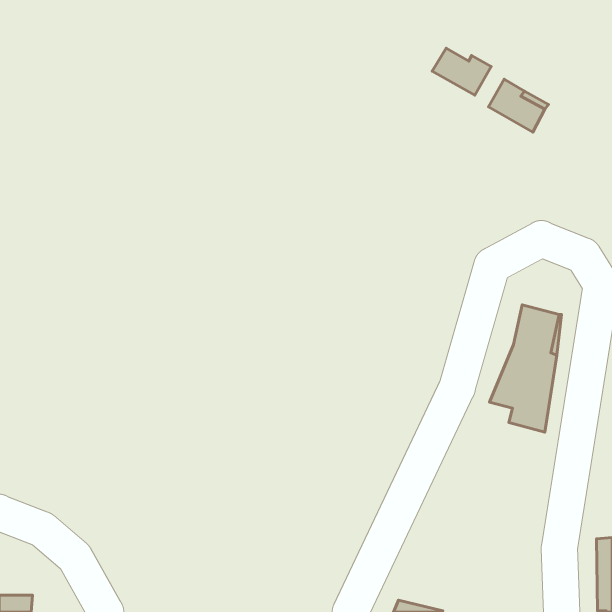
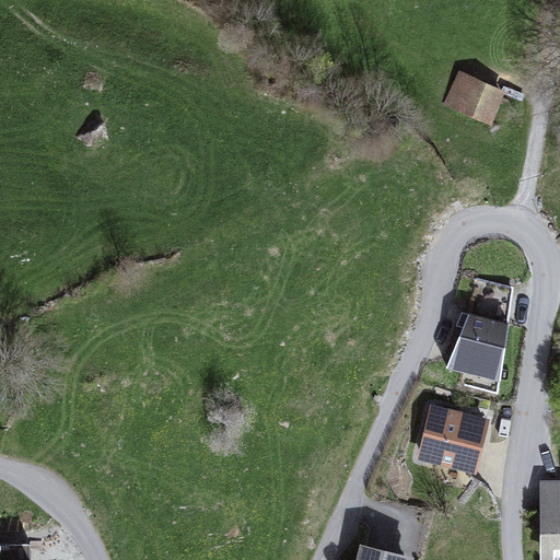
building: [432,48,491,95] -> none
building: none -> [421,409,483,468]

